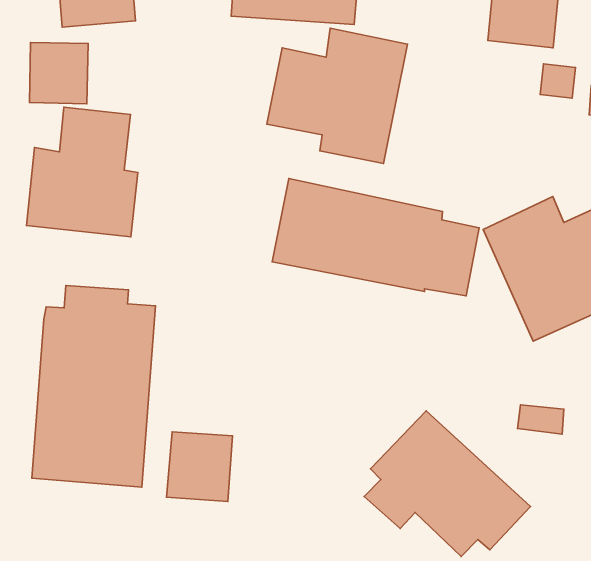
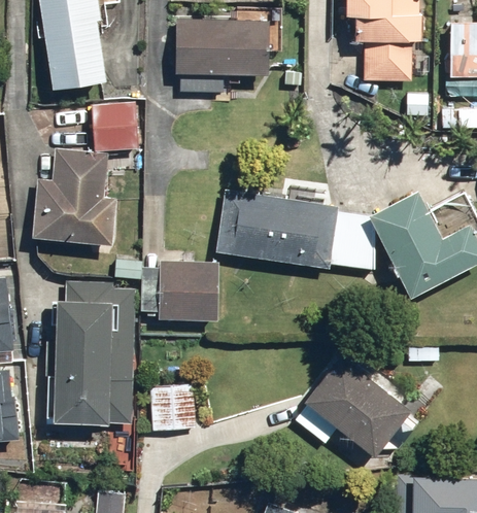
building: [267,28,408,163] -> none
building: [29,42,88,104] -> [96,102,140,148]
building: none -> [158,260,219,321]

